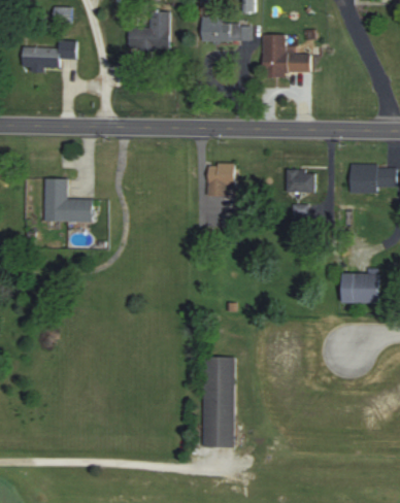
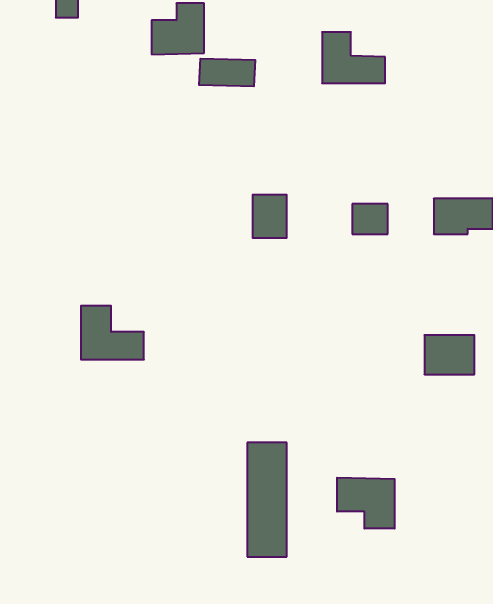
building: [201,21,245,42] -> [199,59,255,86]
building: [22,40,76,70] -> none
building: [43,178,93,221] -> [81,306,144,360]
building: none -> [337,478,395,529]

